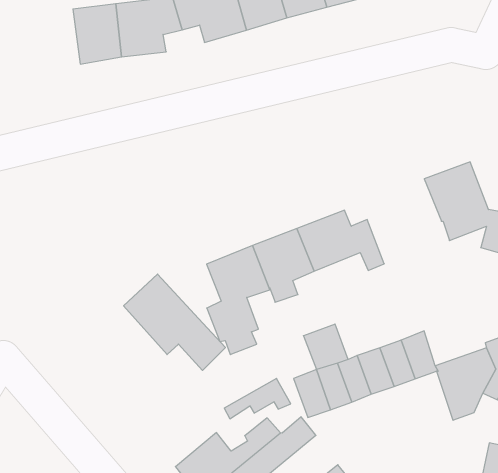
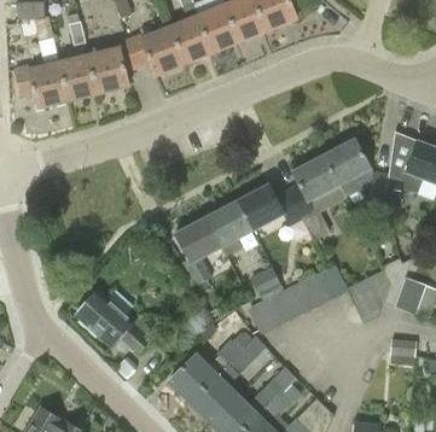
building: none -> [12,62,68,107]
building: none -> [285,154,338,240]
building: [124,274,225,370] -> [75,290,151,355]

